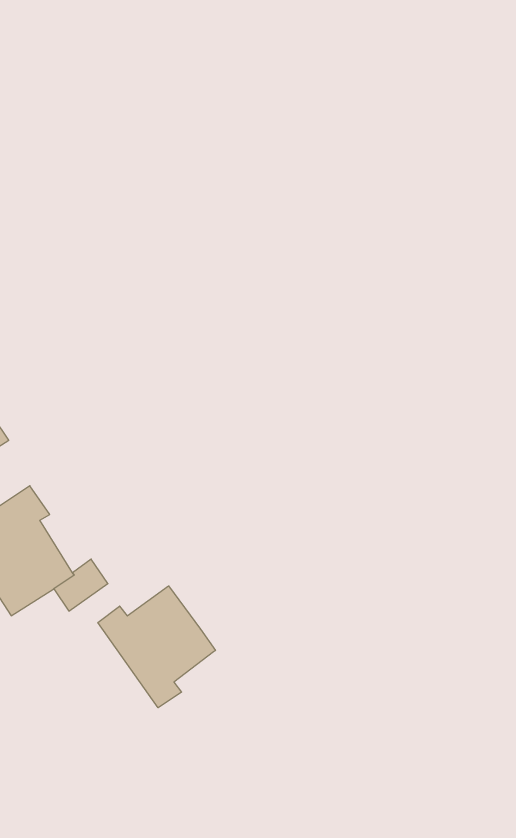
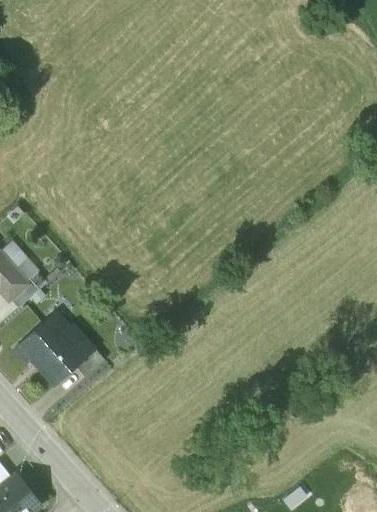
building: [98,586,215,708] -> none

